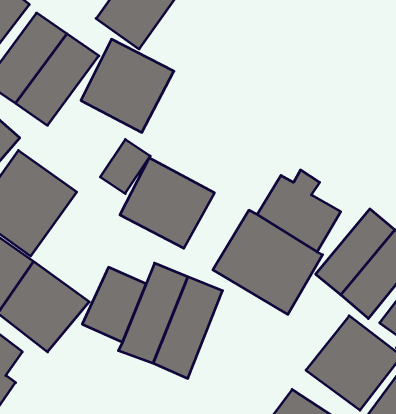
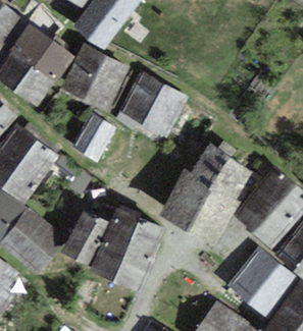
building: [120,158,214,248] -> [119,71,189,137]

